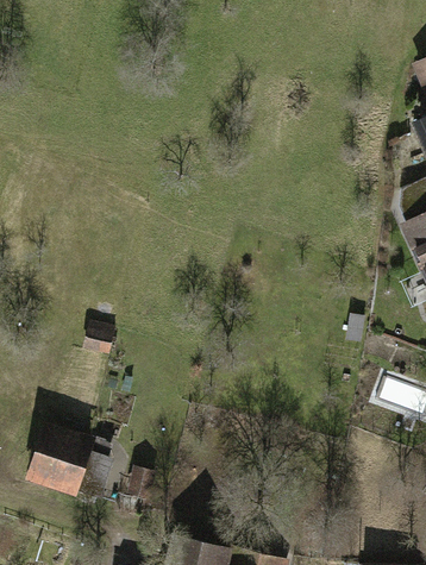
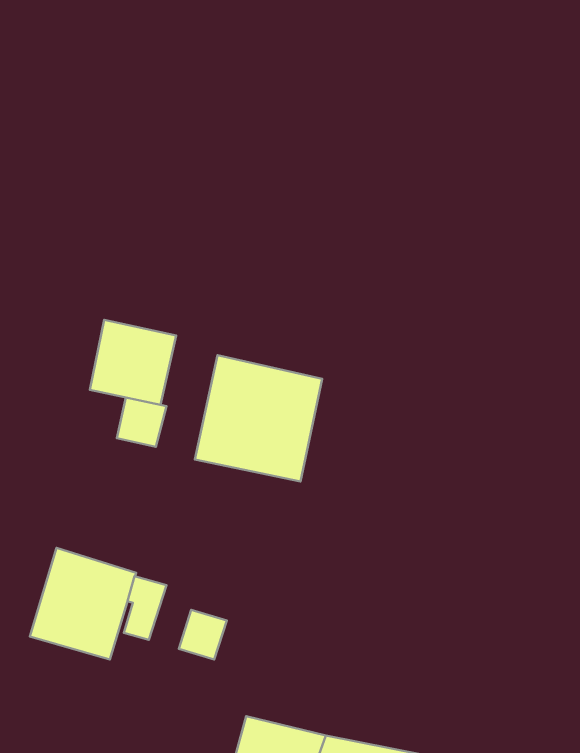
building: none -> [90,320,176,405]
building: none -> [195,355,322,481]

